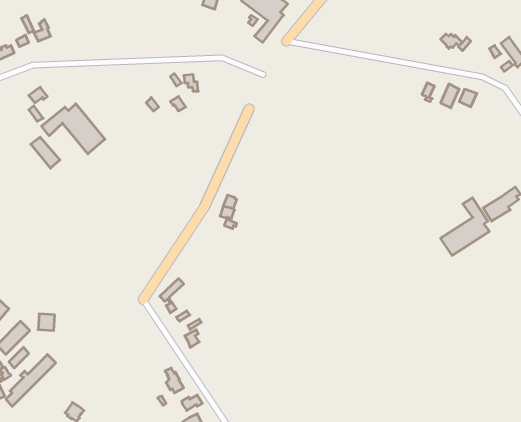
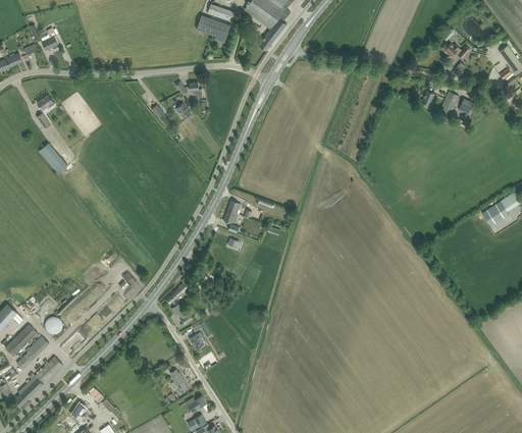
building: none -> [196,14,229,43]
building: [42,104,105,154] -> none
building: [441,198,489,255] -> none

